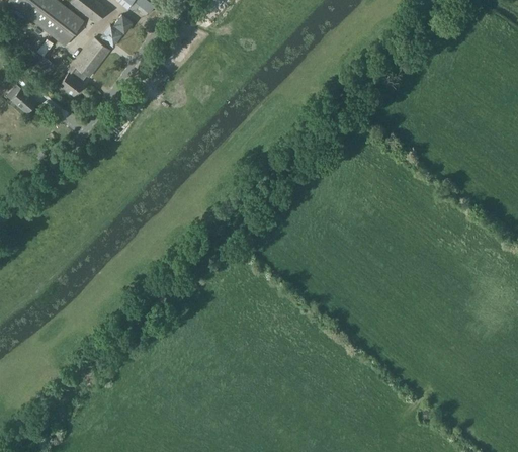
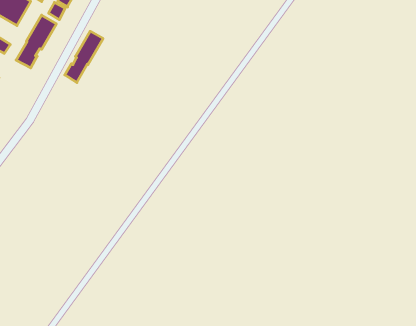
building: none -> [65,31,103,83]

